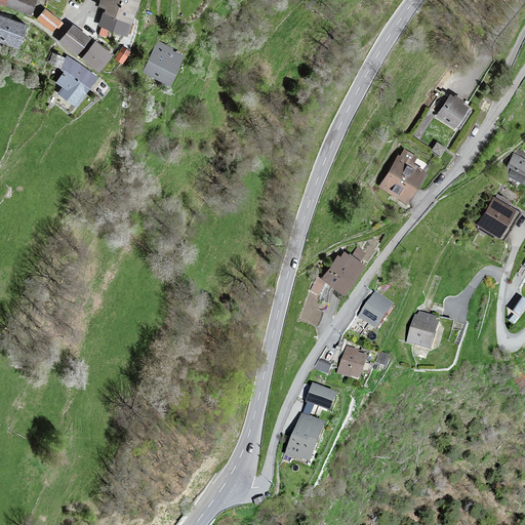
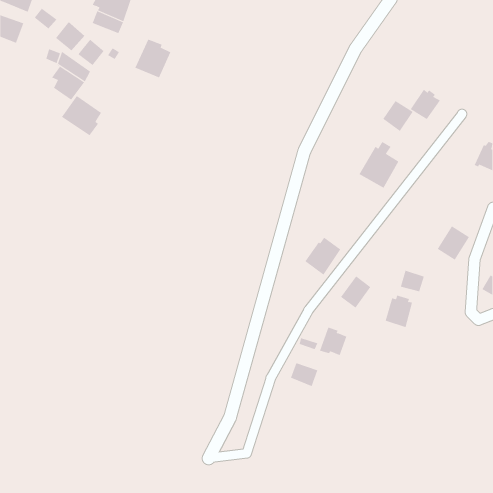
building: none -> [61,95,102,136]
building: none -> [383,100,414,132]
building: [479,198,514,235] -> [437,226,470,260]
building: none -> [400,270,424,292]
building: [288,414,325,460] -> none

